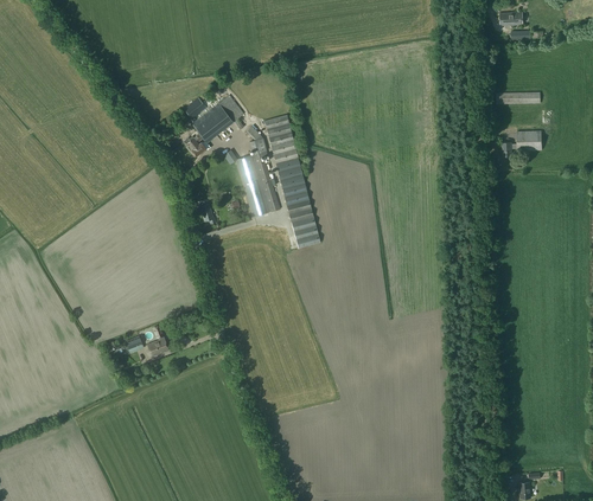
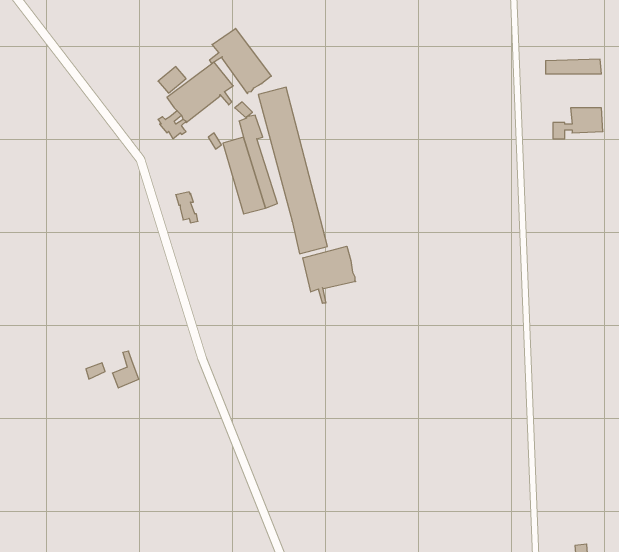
building: none -> [210,28,271,94]
building: none -> [303,246,356,303]

